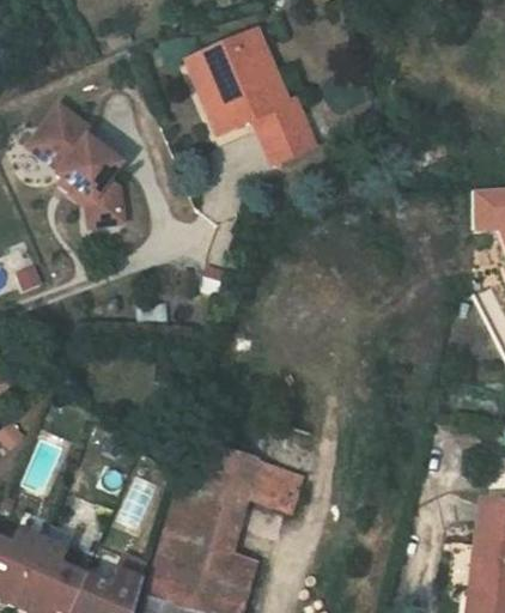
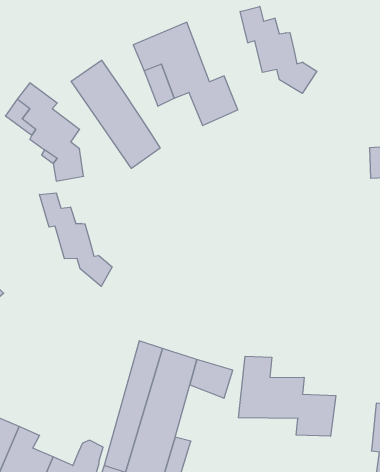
building: none -> [240,6,317,93]
building: none -> [71,60,160,168]
building: none -> [40,193,112,286]
building: none -> [238,356,336,436]

